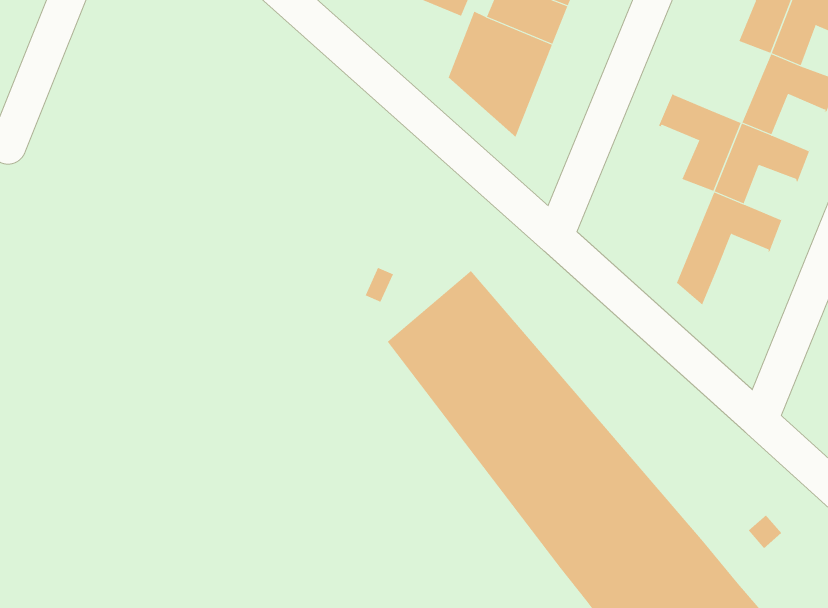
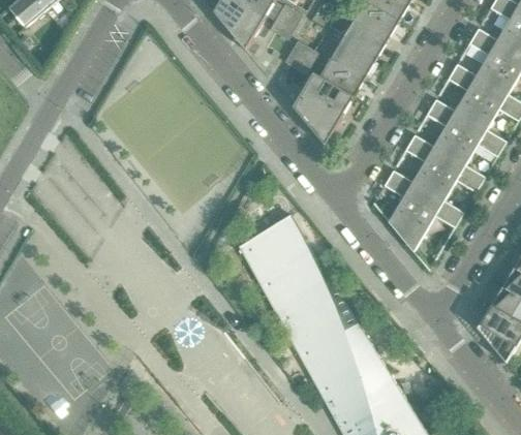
building: none -> [425,99,470,156]
building: none -> [382,170,428,238]

